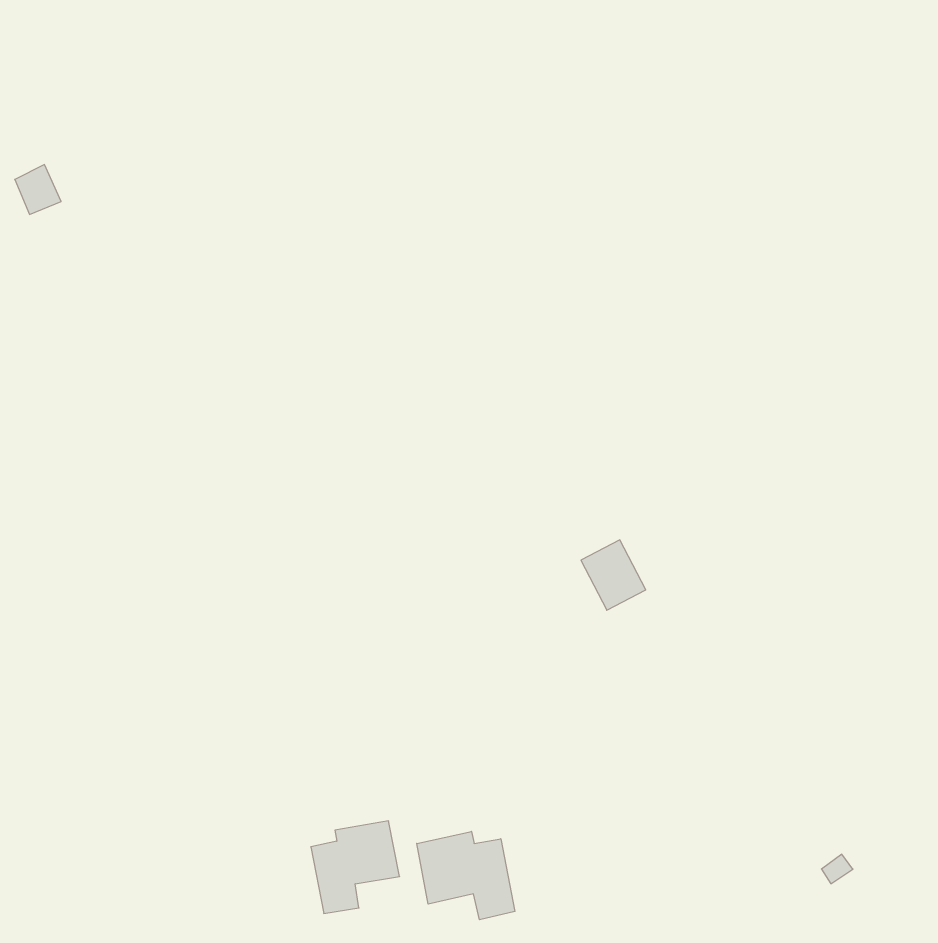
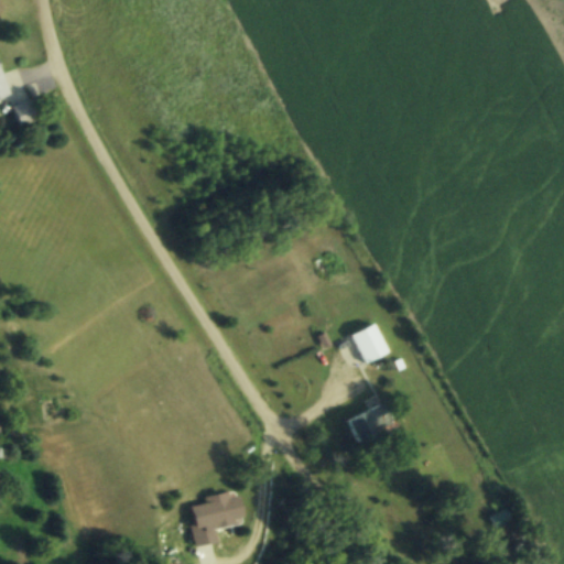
building: none -> [349,404,394,442]
building: [417,831,515,920] -> none

